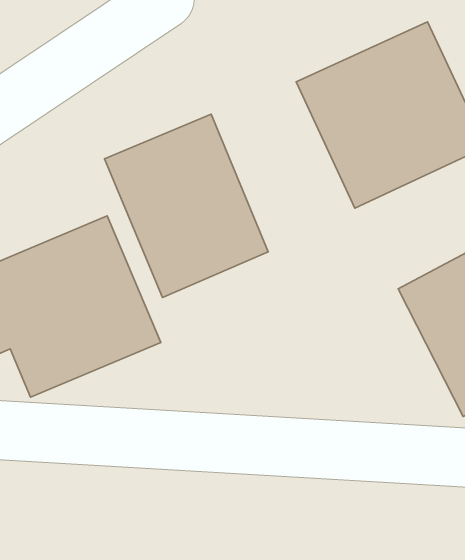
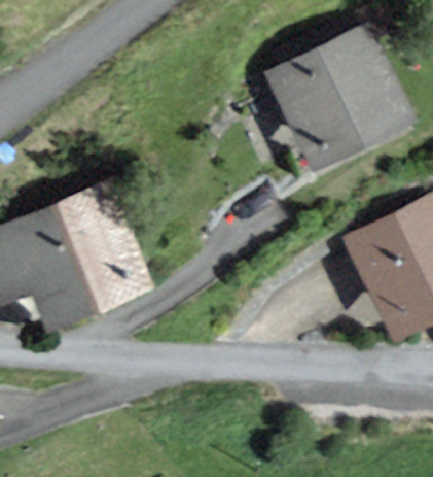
building: [104,114,268,297] -> none

